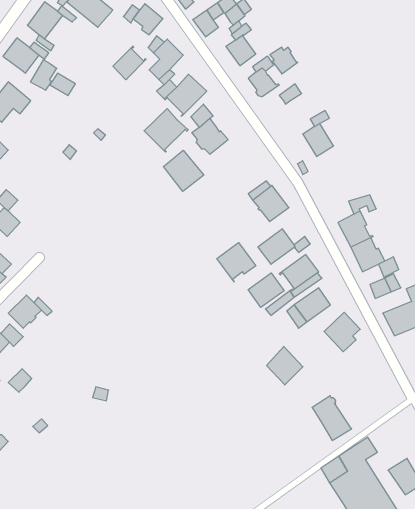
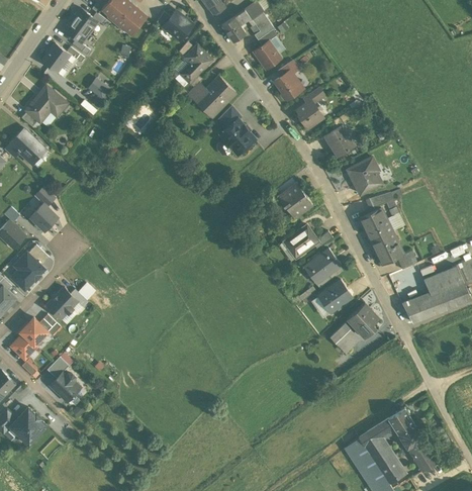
building: [113,46,146,80] -> none
building: [270,47,298,74] -> [296,102,322,127]
building: [31,60,57,90] -> none
building: [144,109,188,152] -> none
building: [163,150,204,191] -> none
building: none -> [346,157,378,194]
building: [217,243,256,282] -> none
building: [248,273,284,307] -> none
building: [267,346,303,385] -> [329,320,364,357]
building: none -> [53,372,79,400]
building: [312,396,352,441] -> [387,409,424,452]

